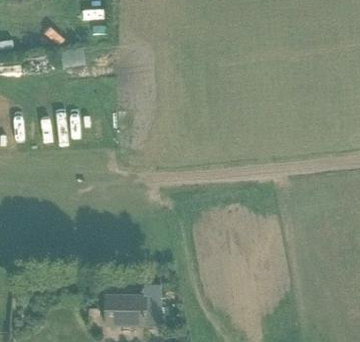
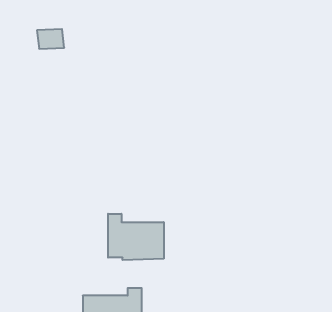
building: none -> [108,214,164,260]

